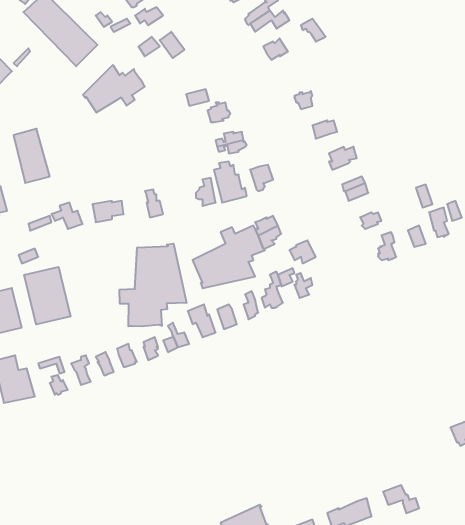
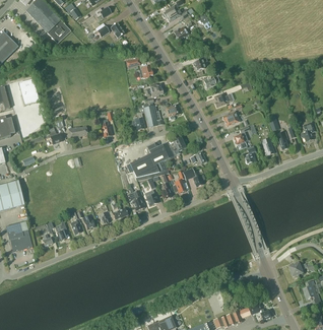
building: [83,65,145,113] -> none
building: [120,244,186,326] -> none
building: [24,267,70,324] -> none

